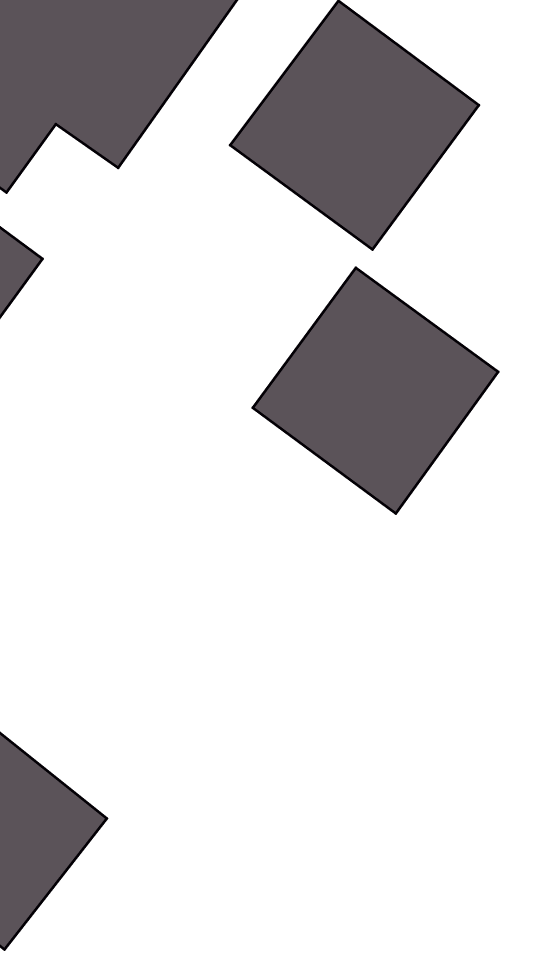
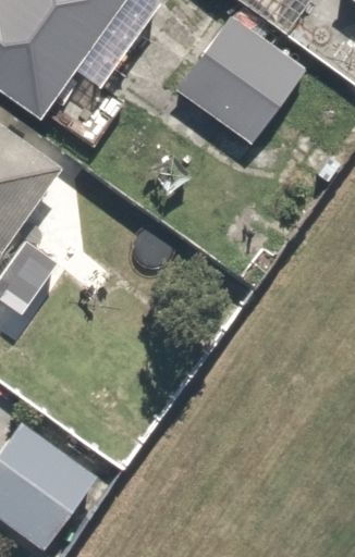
building: [253,268,498,514] -> none

